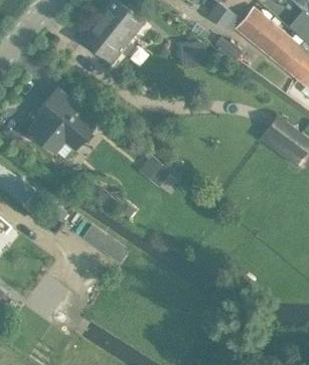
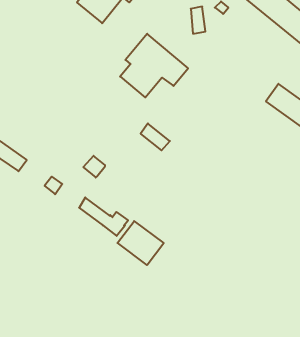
building: [29,89,95,151] -> [120,34,188,97]
building: none -> [117,221,164,265]

